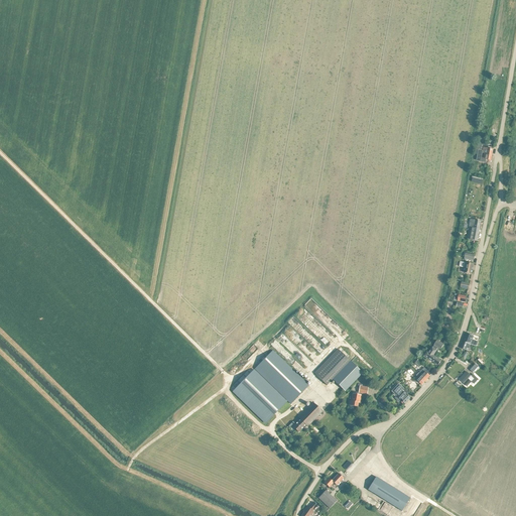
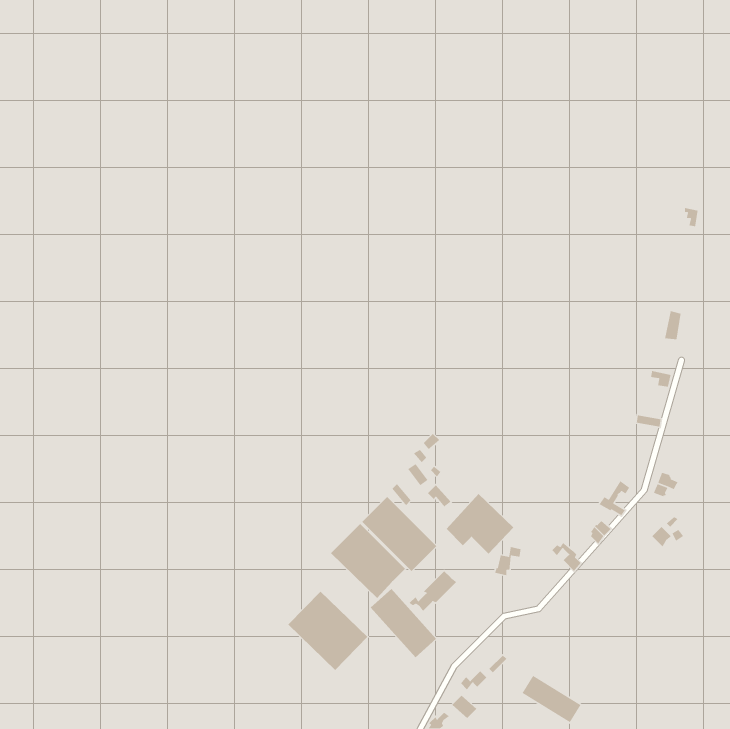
building: none -> [370,588,437,658]
building: none -> [288,591,368,671]

